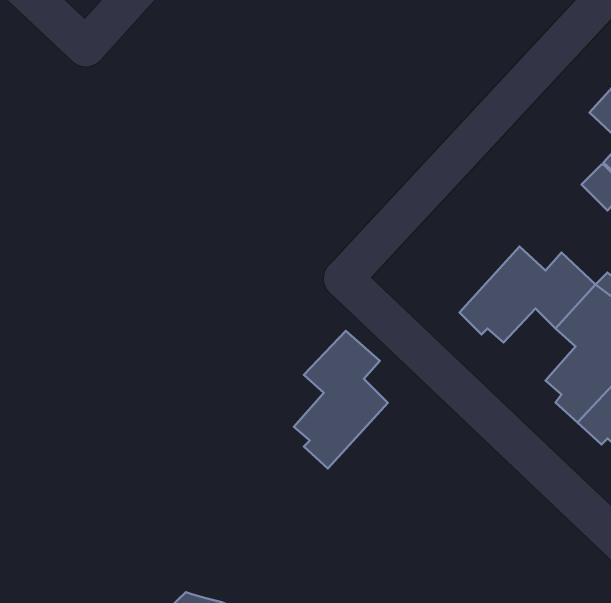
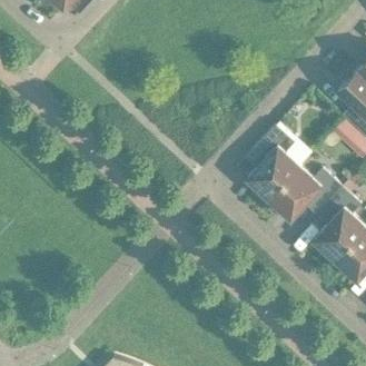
building: [294,331,388,469] -> [247,126,299,202]

